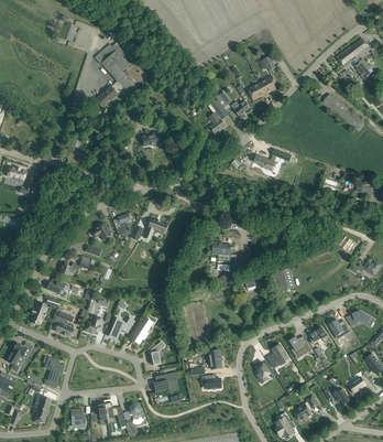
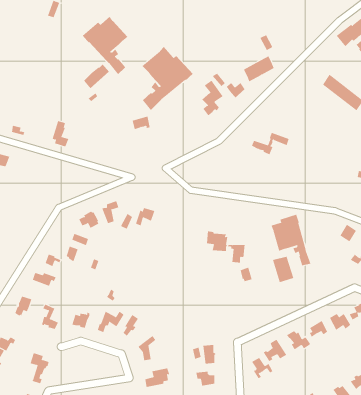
building: none -> [142,46,194,111]
building: none -> [271,214,311,266]

